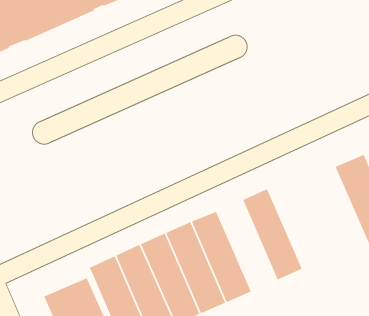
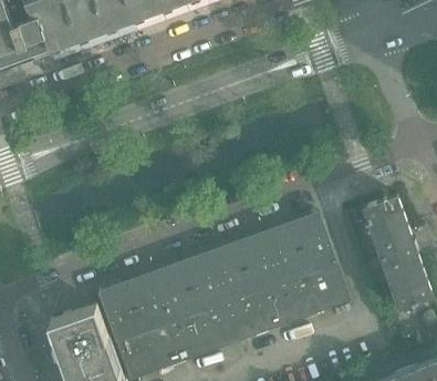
building: none -> [291,212,350,310]
building: none -> [236,233,294,330]

